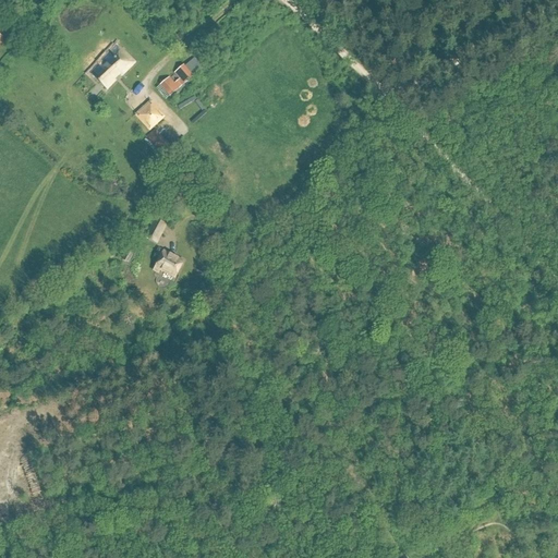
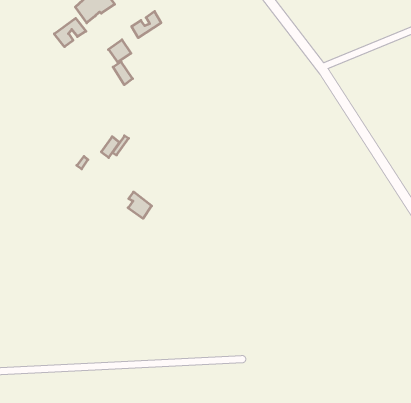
building: none -> [54,18,86,47]
building: [154,246,182,276] -> [128,192,152,218]

